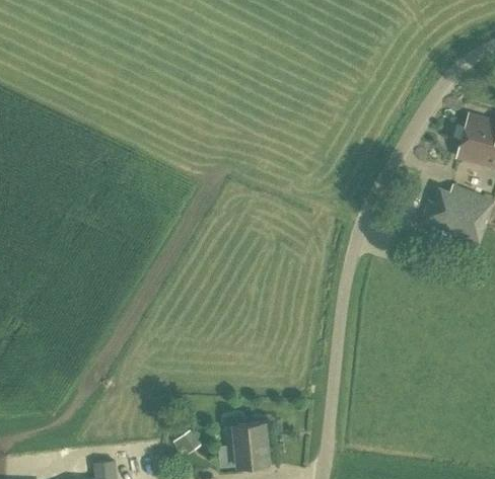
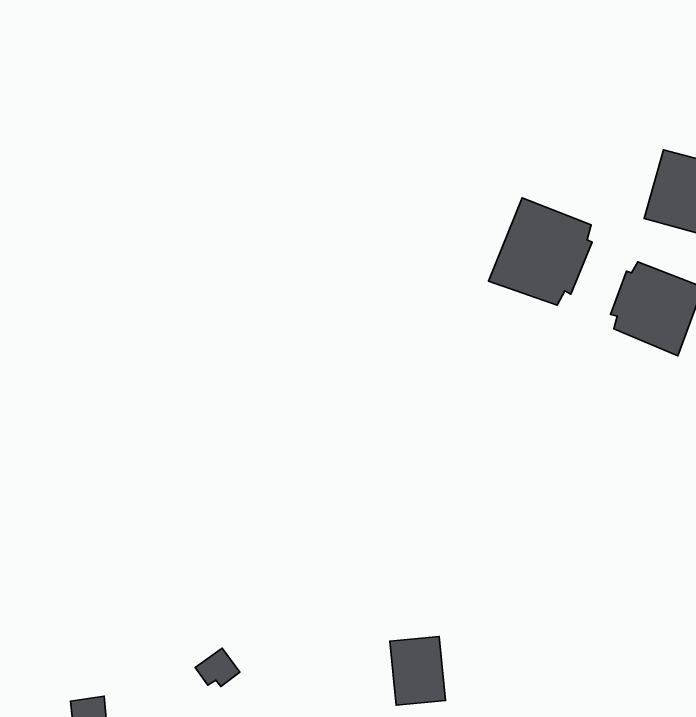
building: none -> [489,198,592,305]
building: [232,420,268,464] -> [390,636,446,705]

